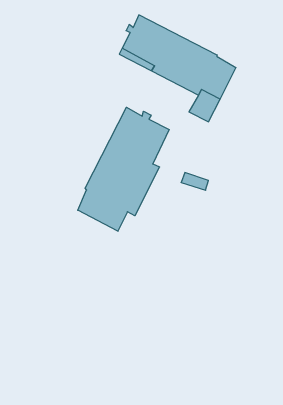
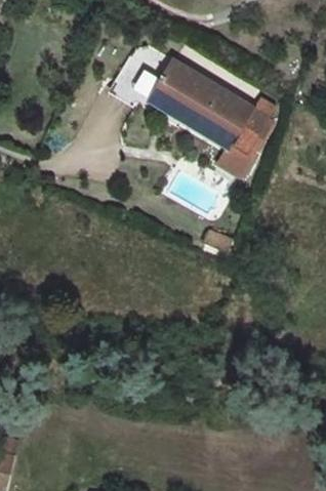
building: [78,107,169,231] -> none

